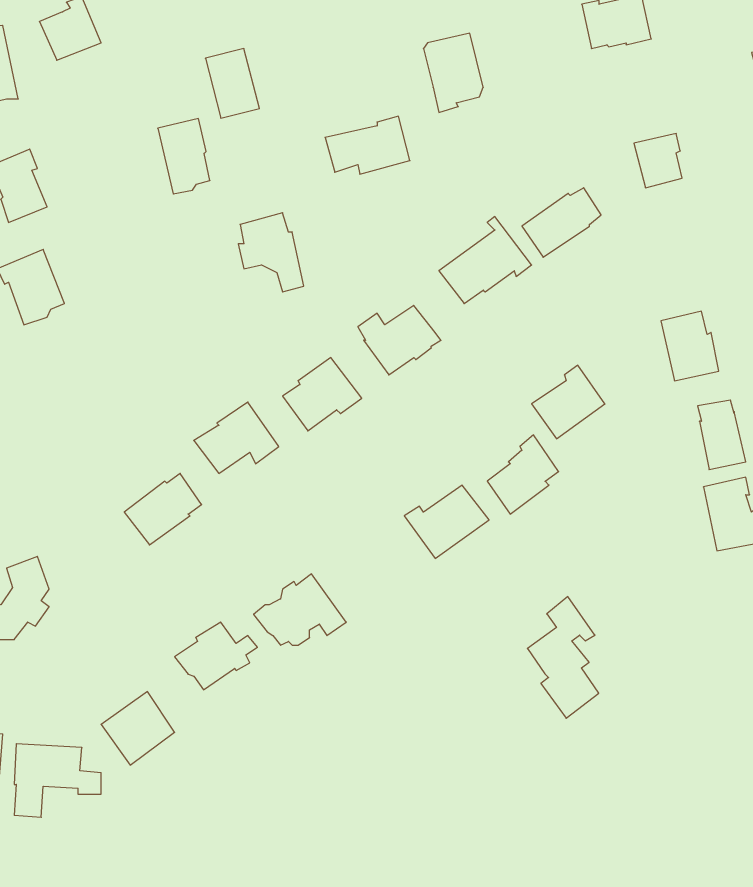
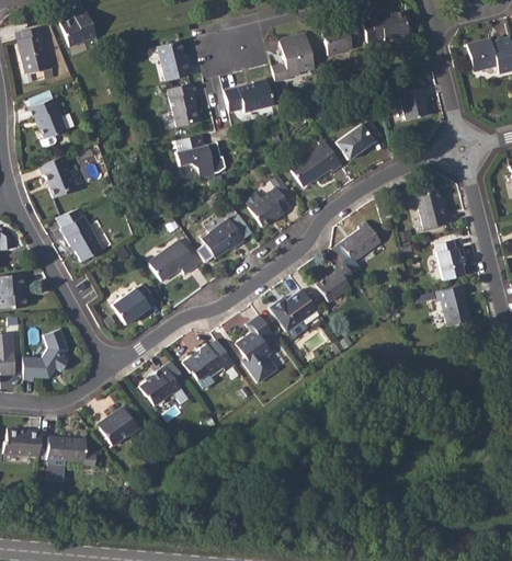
building: none -> [325,21,360,56]
building: [158,119,210,194] -> [169,83,198,126]
building: none -> [56,208,102,261]
building: [527,597,599,718] -> [237,313,277,382]

